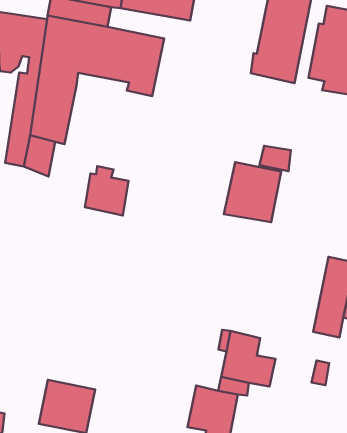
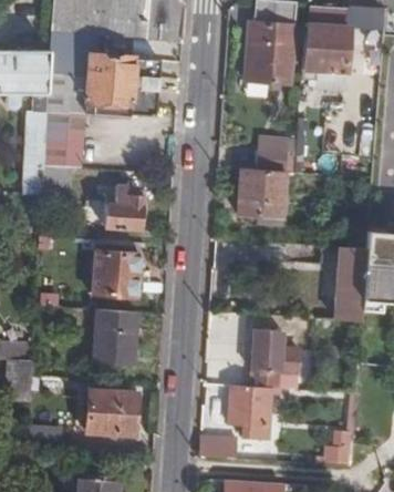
building: none -> [91,253,139,299]
building: none -> [94,311,135,365]

